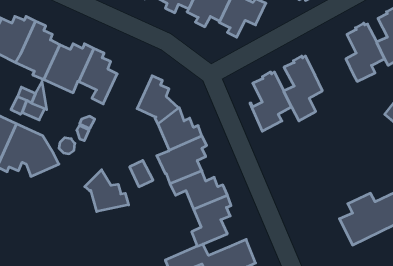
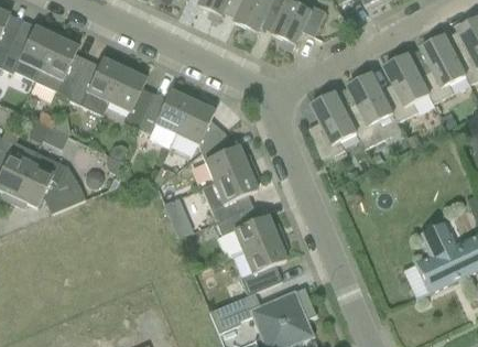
building: none -> [383,53,428,121]
building: none -> [135,89,193,148]
building: [85,170,129,212] -> none

